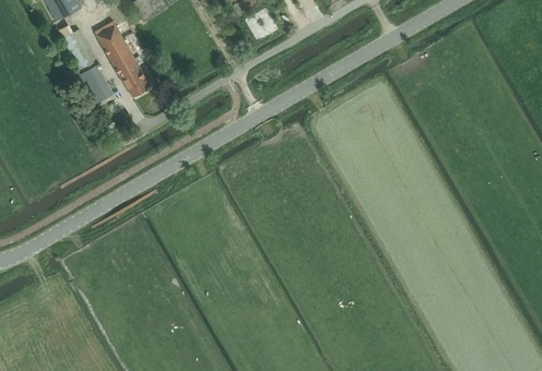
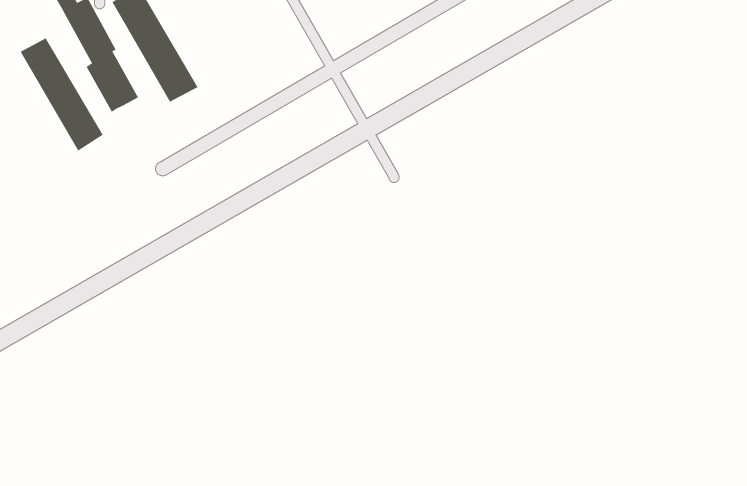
building: none -> [20,38,103,151]

